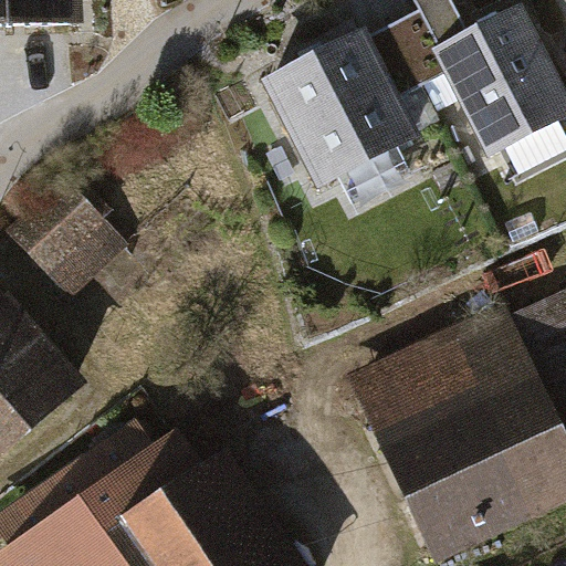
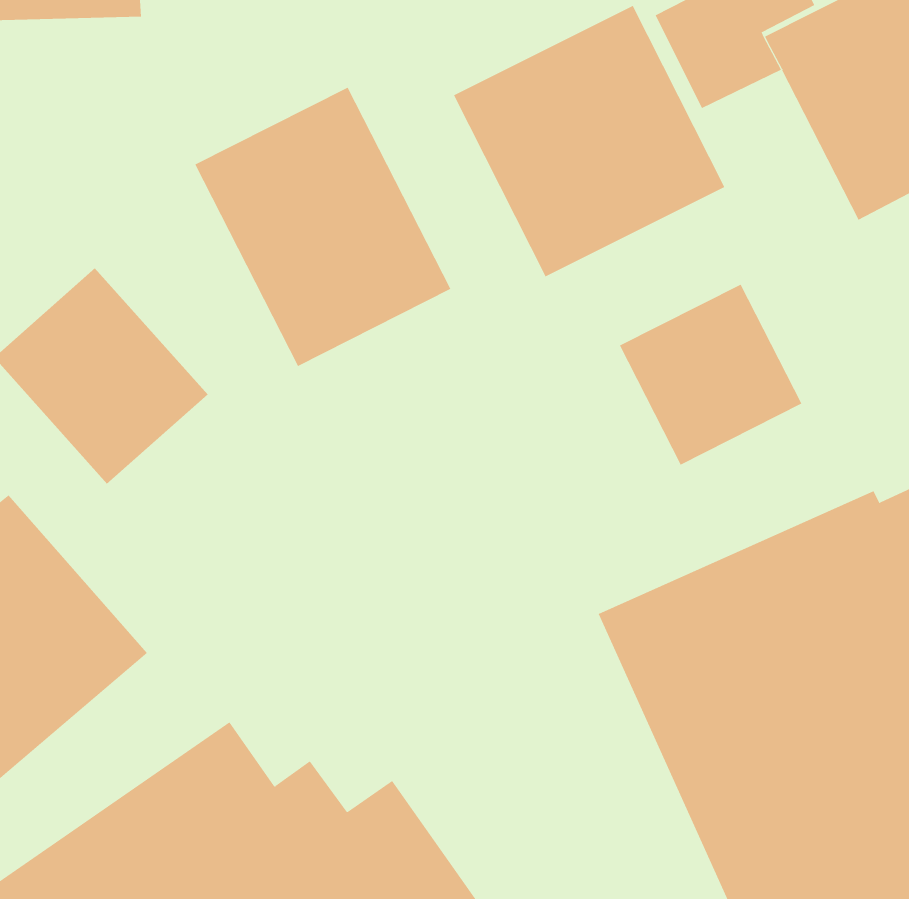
building: none -> [195,87,451,367]
building: none -> [619,284,802,465]

